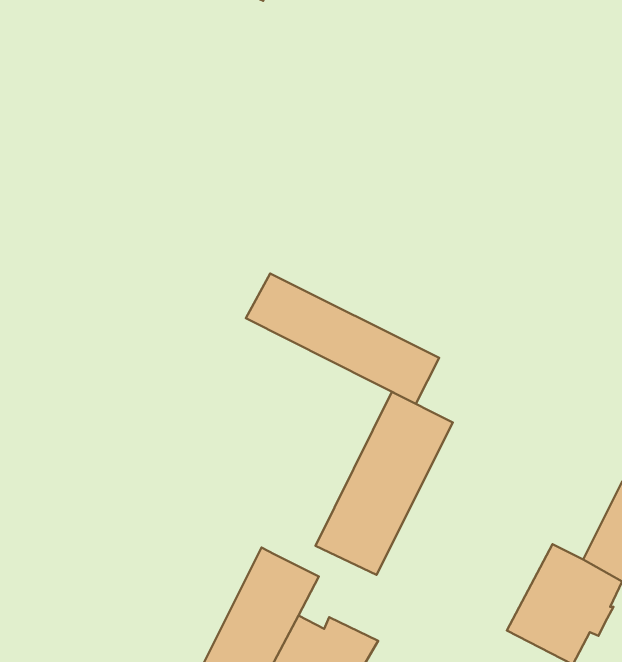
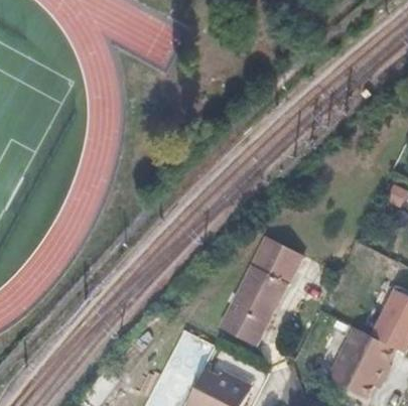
building: [246,273,439,404] -> none

